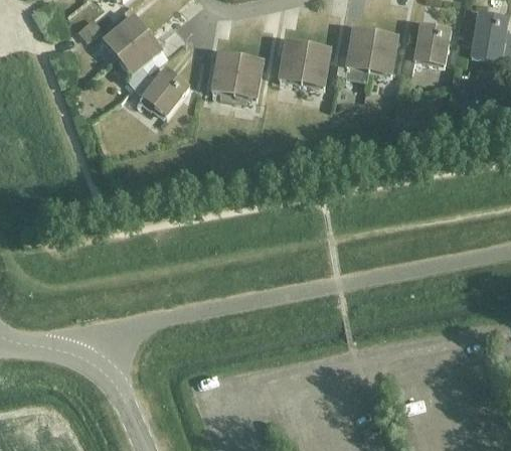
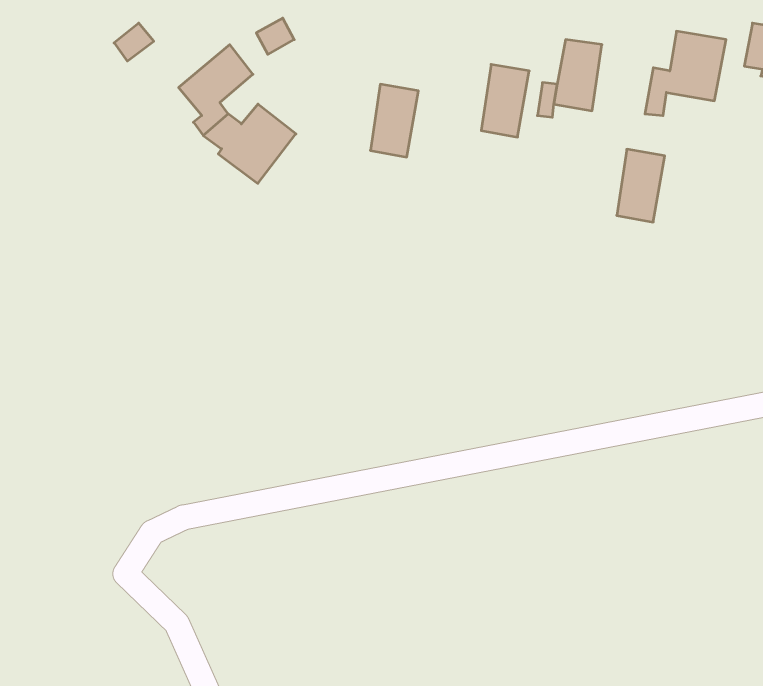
building: [102,13,148,56] -> none
building: [368,30,397,74] -> [617,149,665,222]
building: [278,39,307,83] -> none
building: [210,50,239,95] -> none

